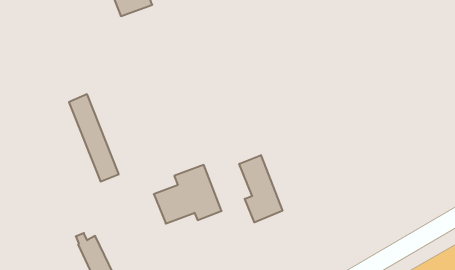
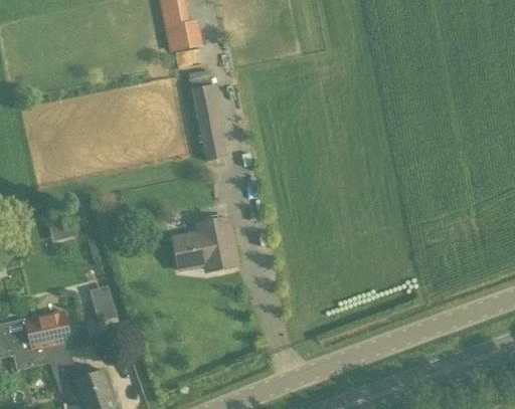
building: [69,94,119,181] -> [188,68,226,160]
building: [239,155,282,222] -> none

